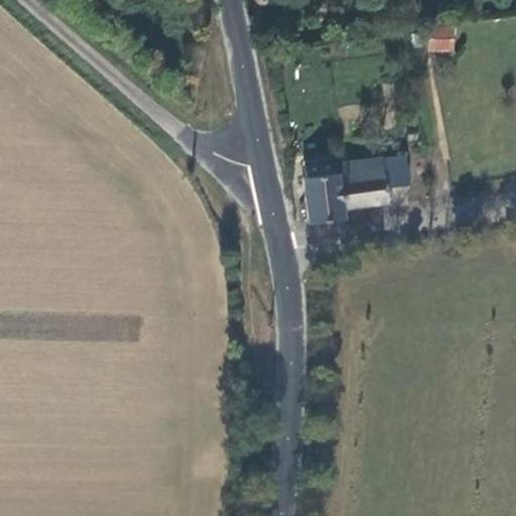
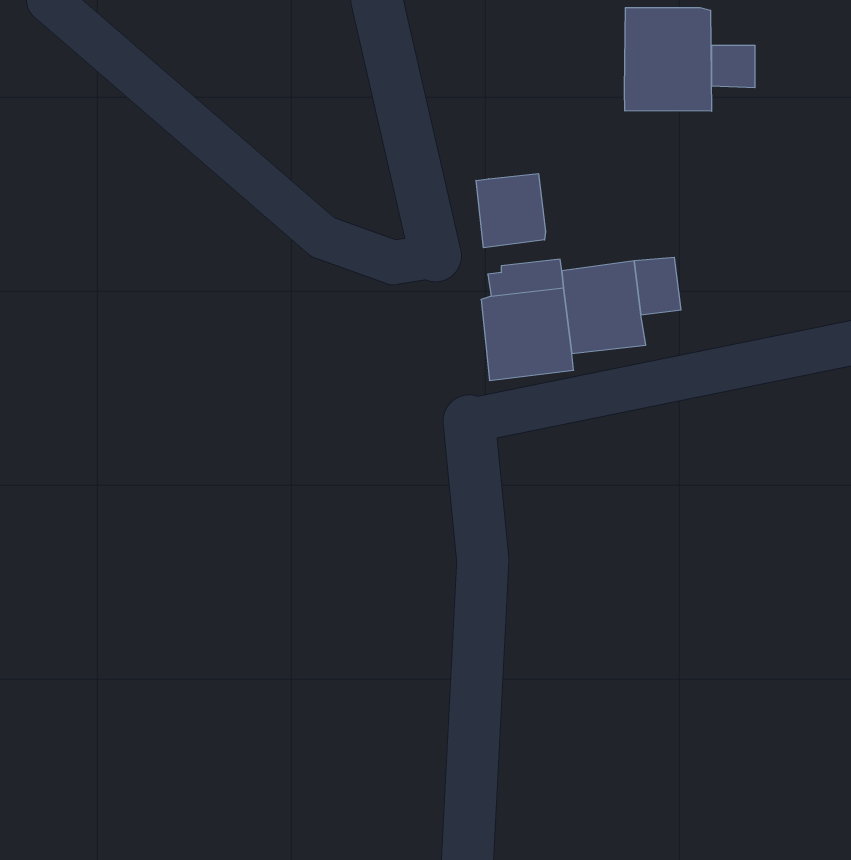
building: none -> [625,8,712,111]
building: none -> [476,174,545,248]

